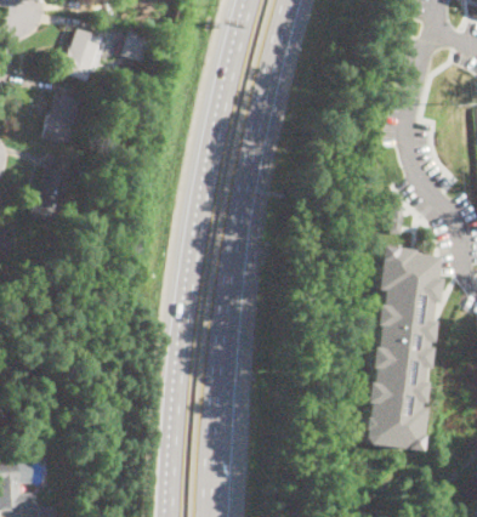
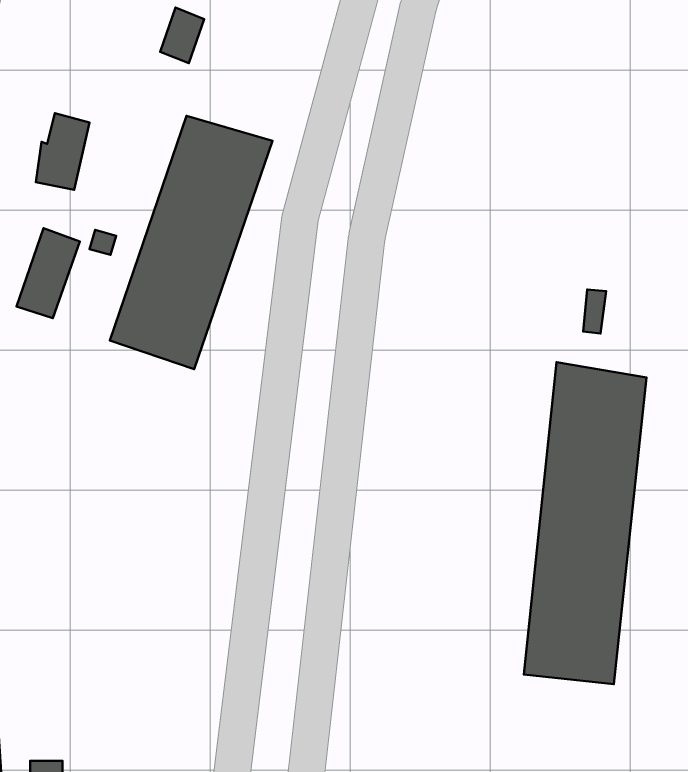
building: [70,27,109,79] -> none
building: none -> [110,116,273,369]

